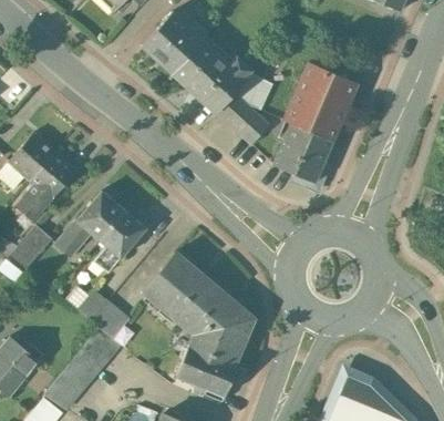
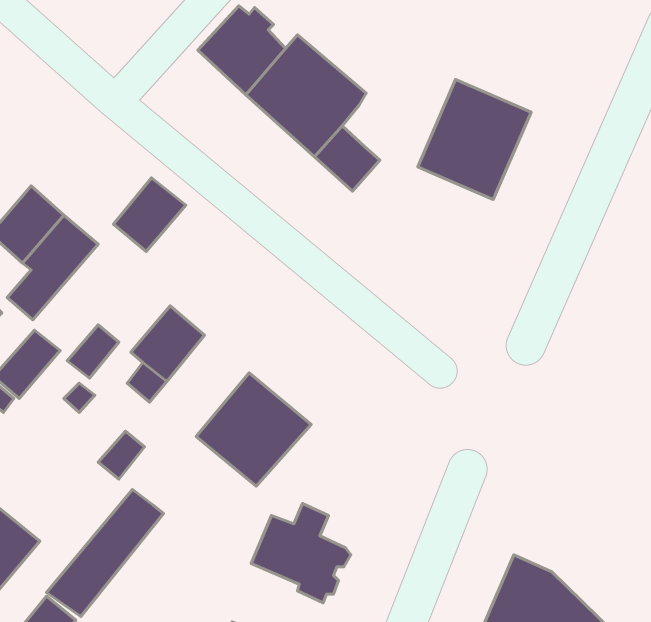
building: [235,72,272,110] -> none
building: [272,123,332,188] -> none
building: [78,192,124,239] -> [114,178,186,252]
building: [179,286,256,366] -> none
building: [91,300,128,338] -> none

